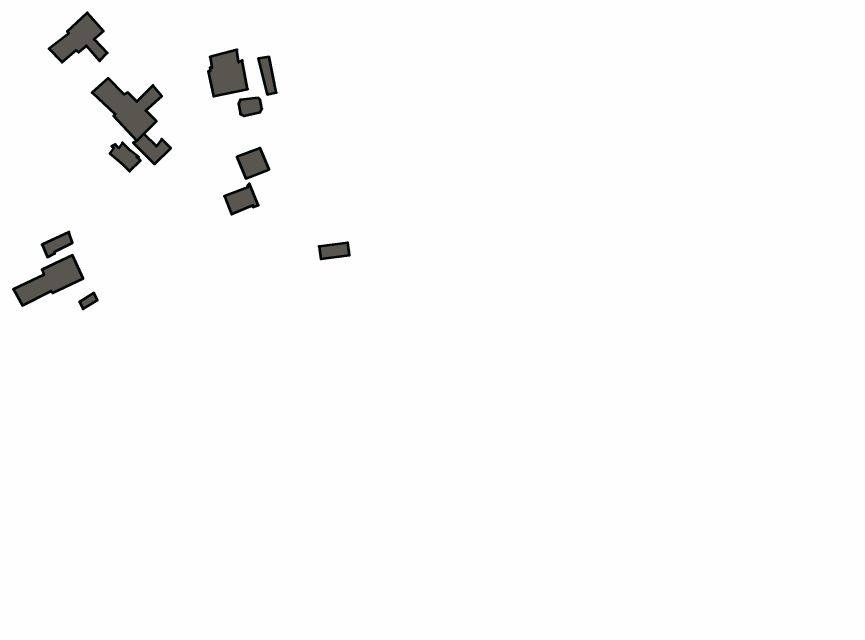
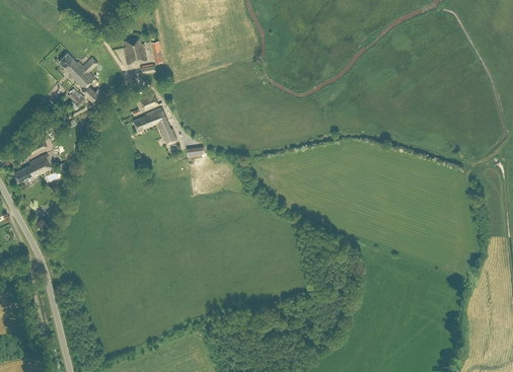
building: [49,13,107,62] -> none
building: none -> [146,107,175,144]

